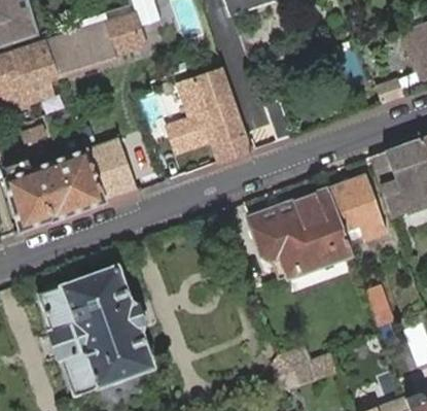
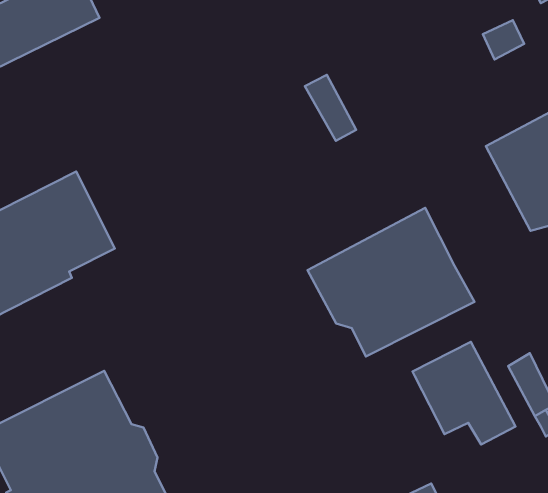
building: [158,70,245,163] -> none
building: [327,172,386,236] -> [413,342,516,445]

